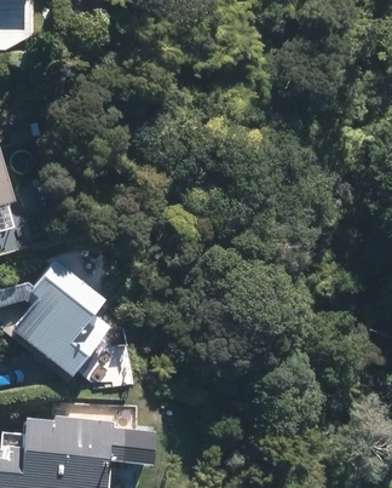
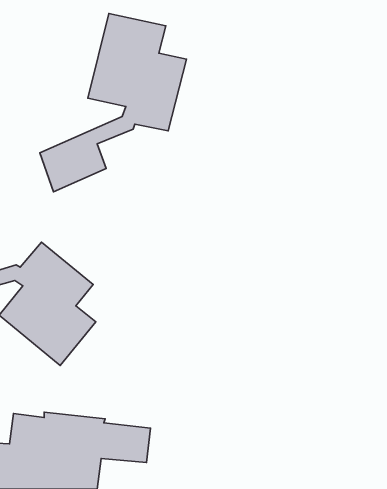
building: none -> [40,13,186,192]

